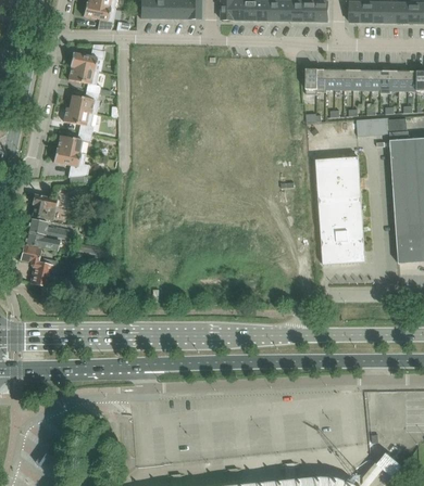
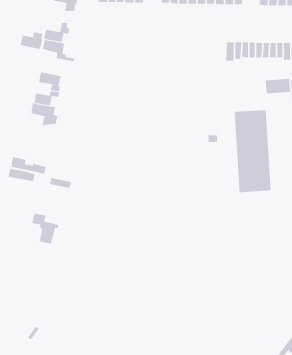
building: [68,91,99,115] -> [20,32,43,50]
building: [32,194,57,220] -> none
building: [21,246,57,286] -> [31,213,59,244]

